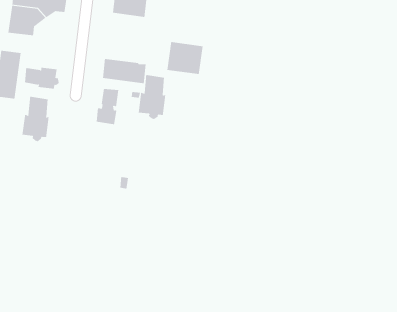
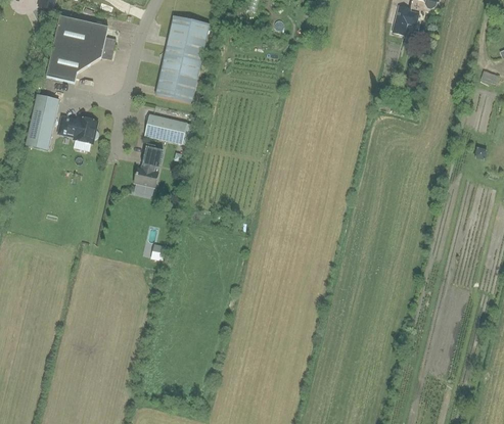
building: [167,42,204,74] -> [155,64,198,103]
building: [138,74,166,120] -> none
building: [22,96,49,142] -> none

